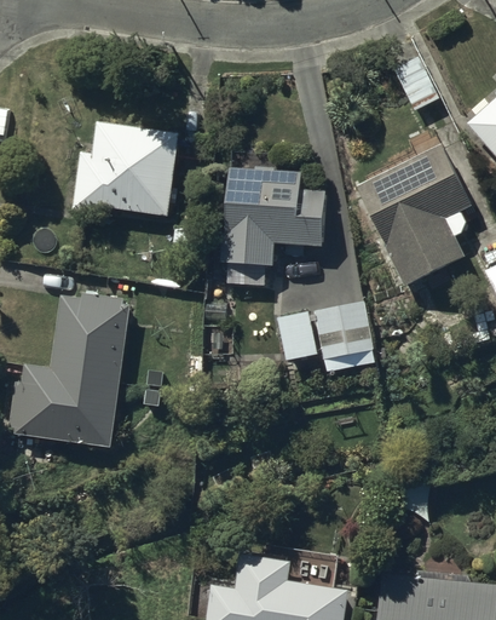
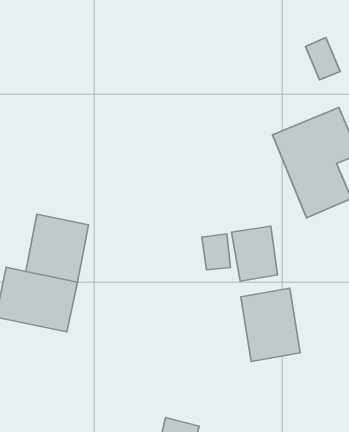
building: [73,120,178,212] -> none
building: [220,165,323,265] -> none
building: none -> [241,288,300,361]

